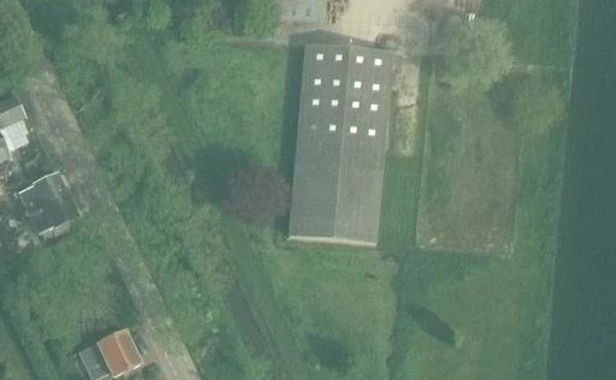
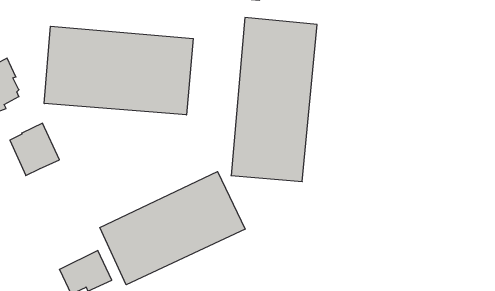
building: none -> [44,26,193,115]
building: none -> [100,172,245,285]

